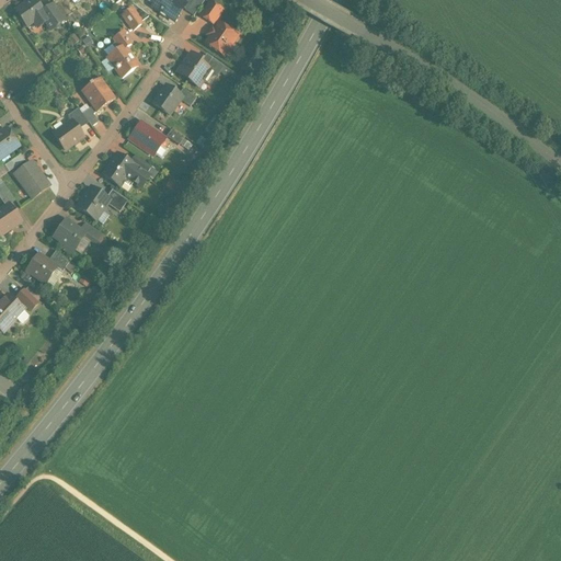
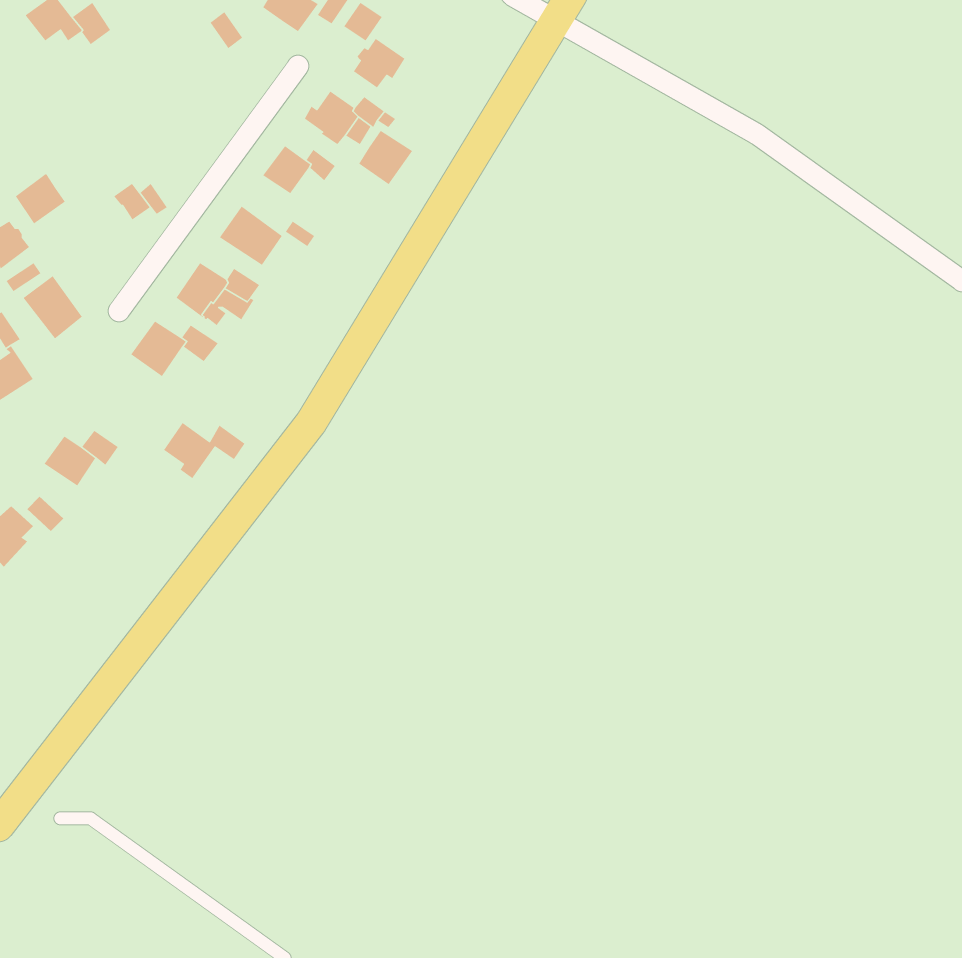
building: [103,31,138,77] -> none
building: none -> [358,130,413,185]
building: [80,77,114,111] -> none
building: [53,119,82,149] -> [15,174,66,224]
building: [53,218,101,252] -> [162,421,245,479]

